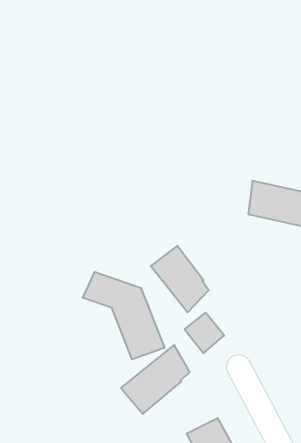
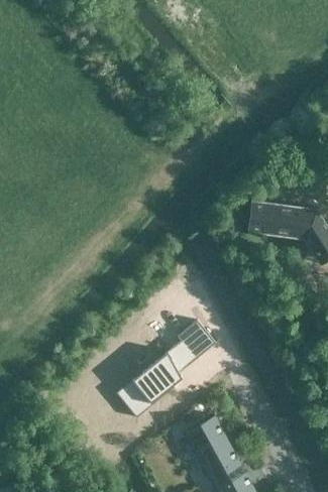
building: [151,246,209,312] -> none
building: [83,272,164,359] -> none

